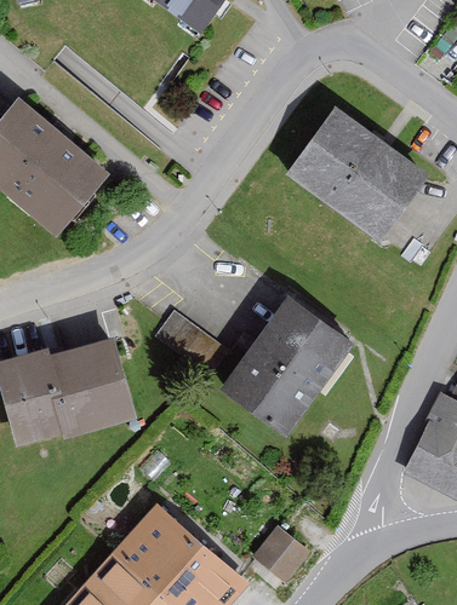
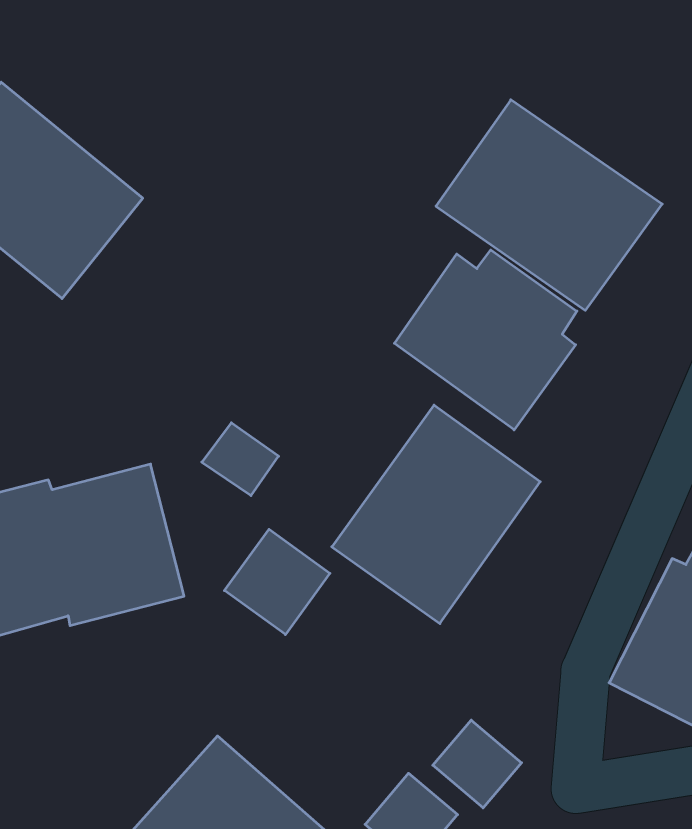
building: none -> [394,250,577,430]
building: none -> [224,529,330,635]
building: none -> [433,720,522,808]

